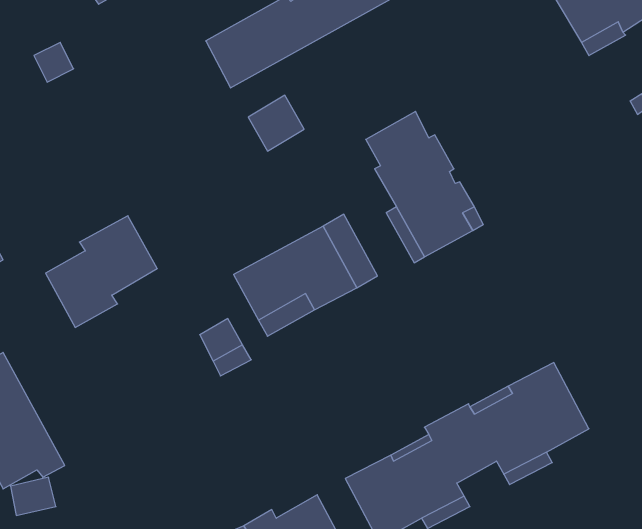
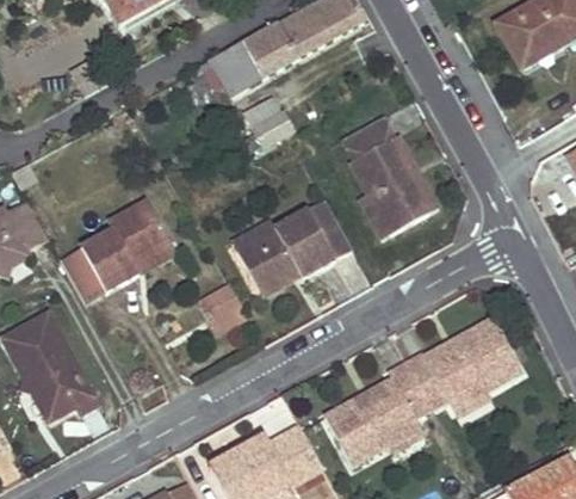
building: none -> [60,246,105,302]

